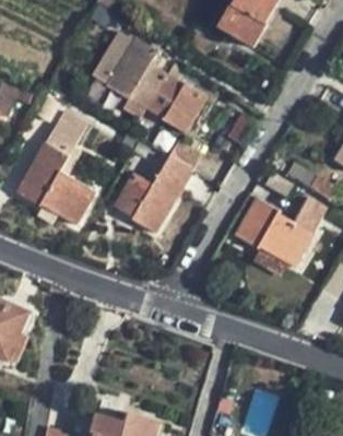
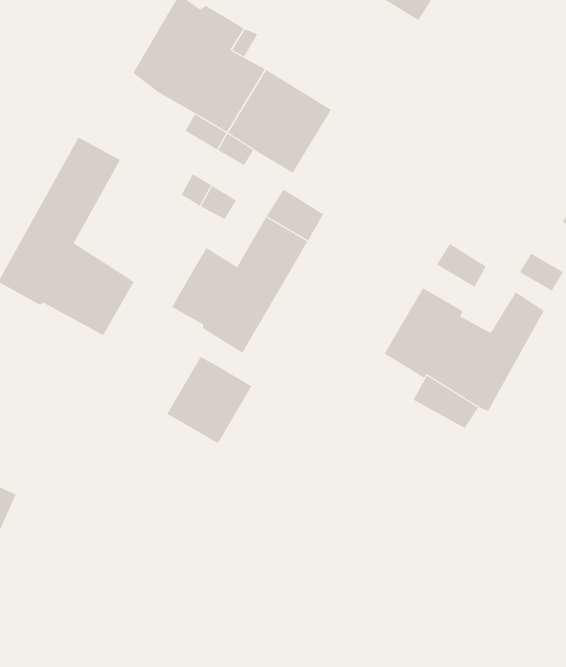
building: none -> [167,356,252,444]

